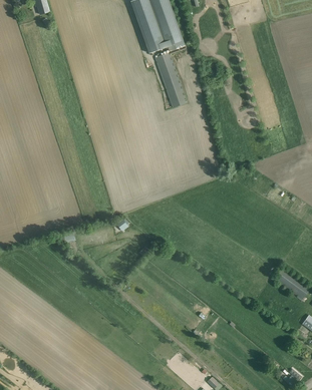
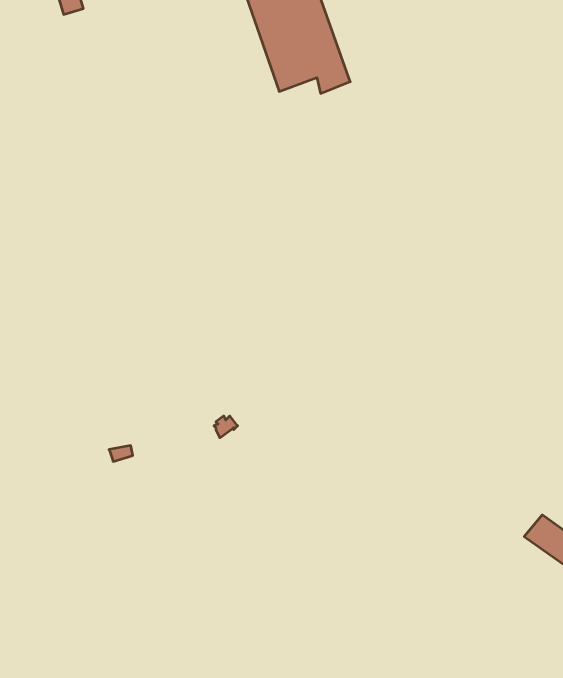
building: [155,52,188,107] -> none

